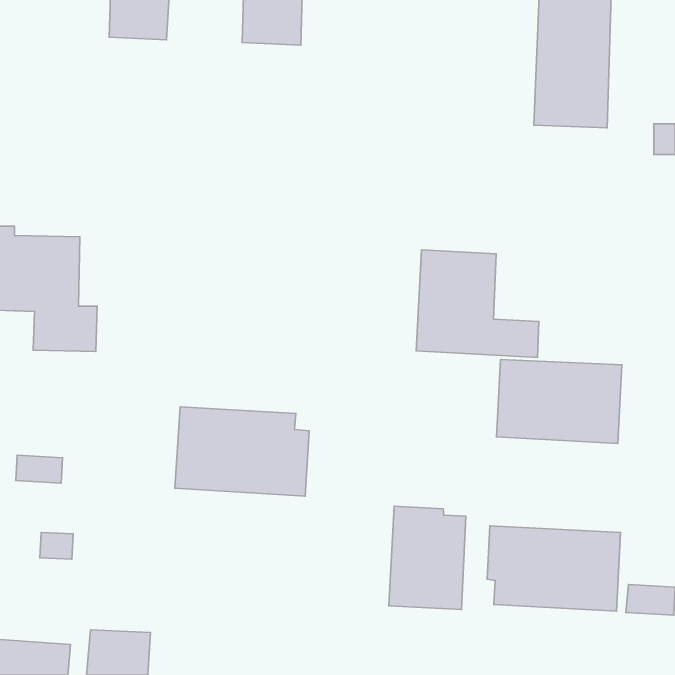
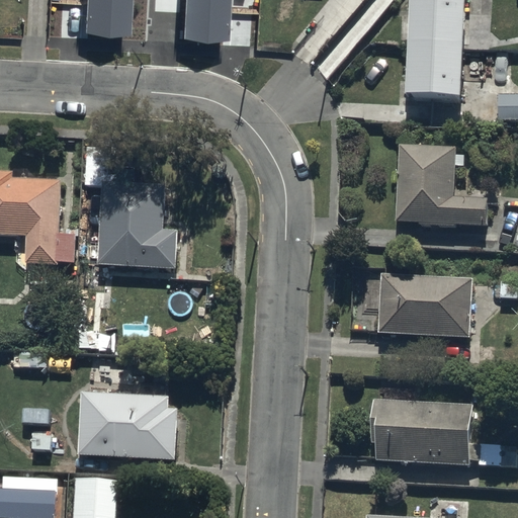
building: none -> [82,158,177,269]
building: [416,250,539,358] -> [394,144,487,226]
building: [175,407,309,496] -> [76,392,178,459]
building: [389,506,466,609] -> none

